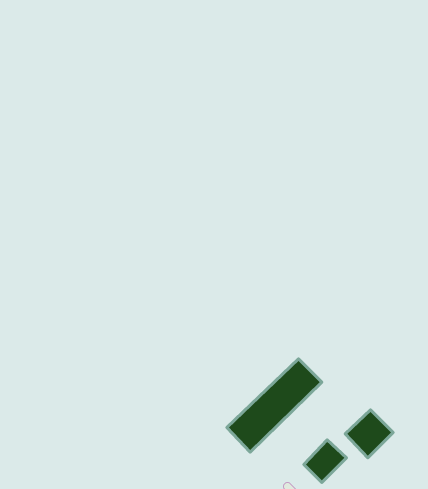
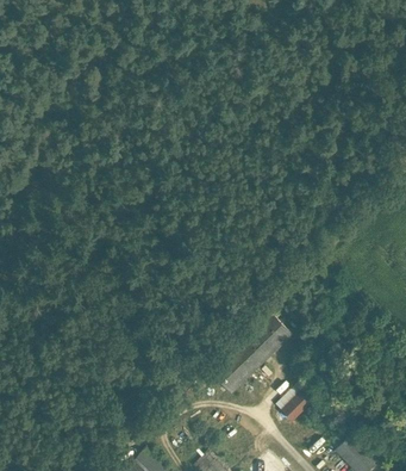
building: [345,410,393,458] -> none

